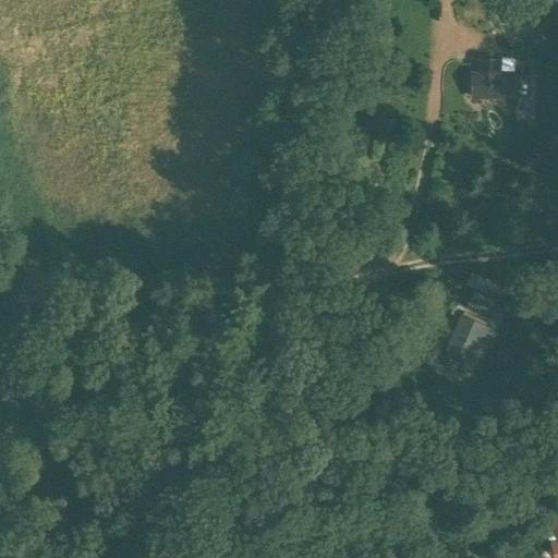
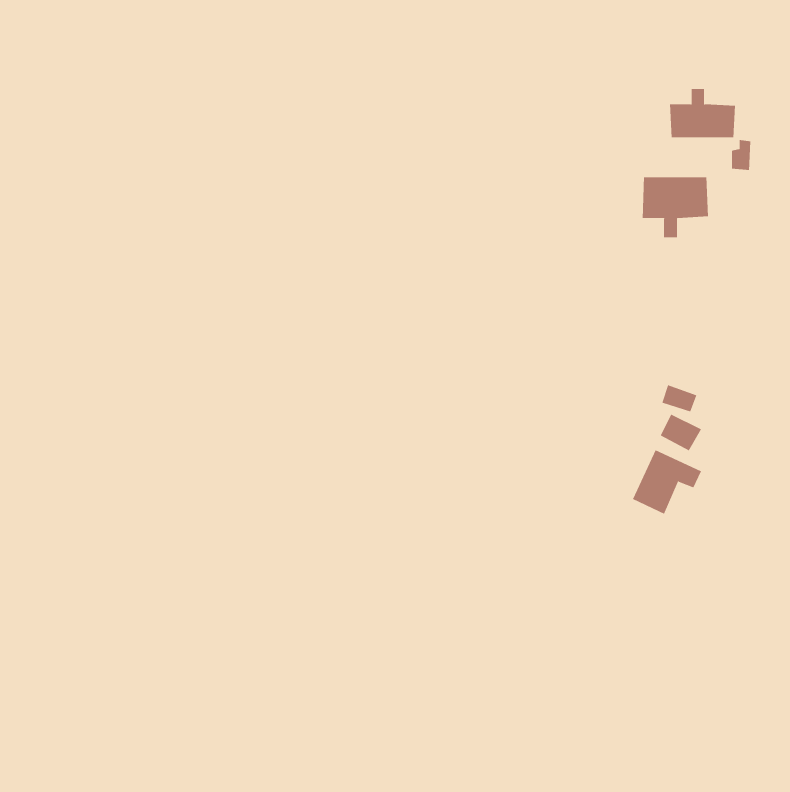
building: none -> [642,176,708,238]

